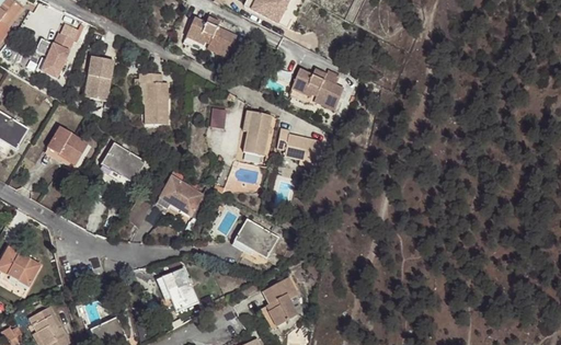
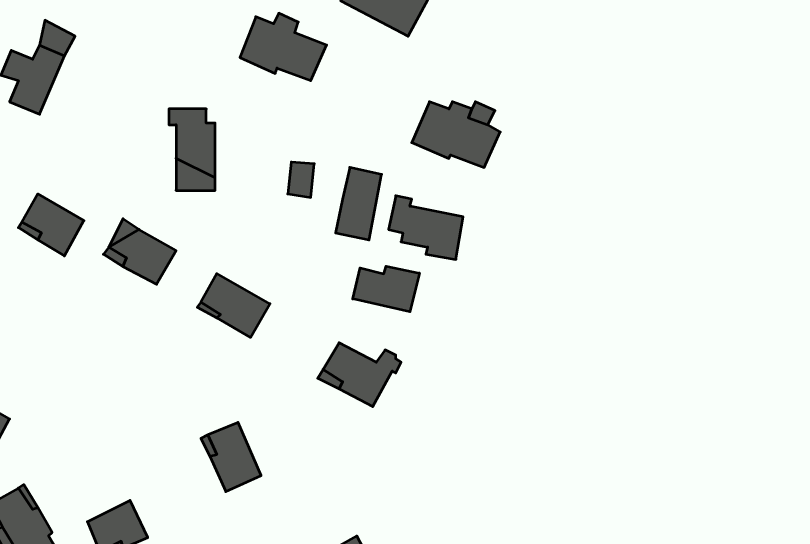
building: [87,57,113,101] -> none
building: none -> [353,266,419,312]
building: [260,277,295,325] -> none

